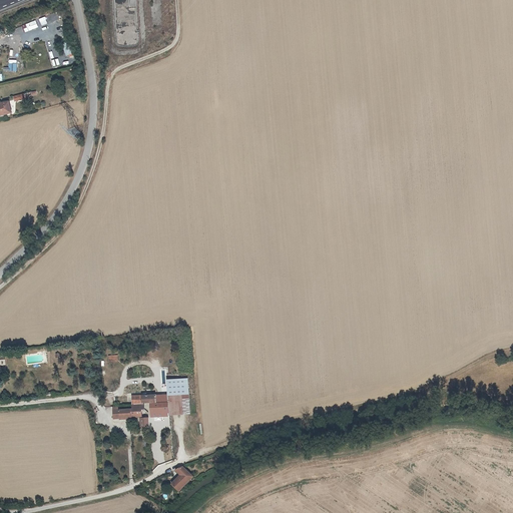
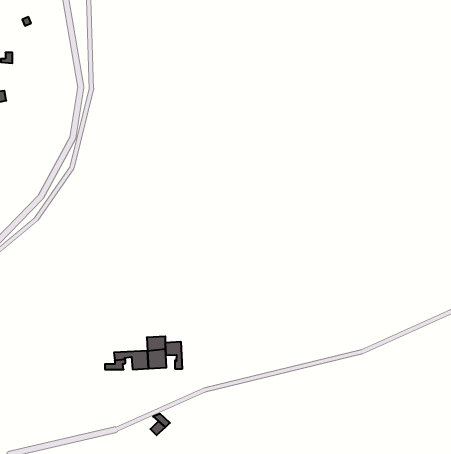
building: none -> [165,342,182,369]

